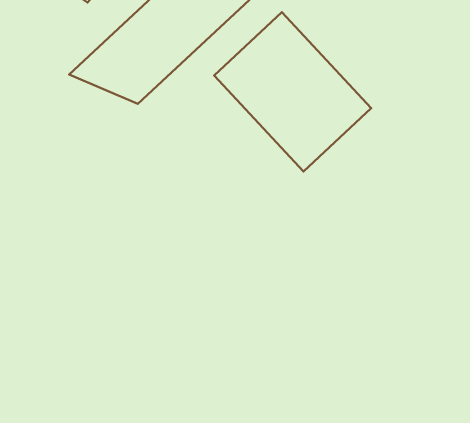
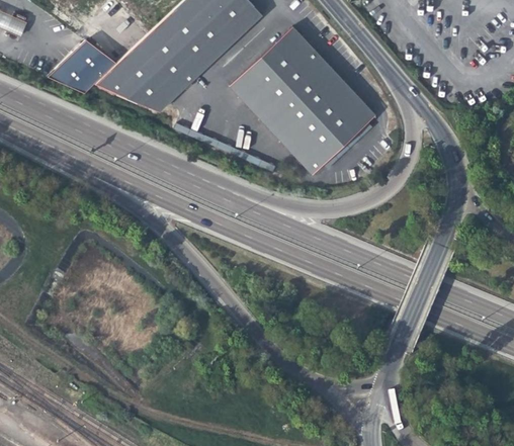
building: none -> [42,40,116,94]

